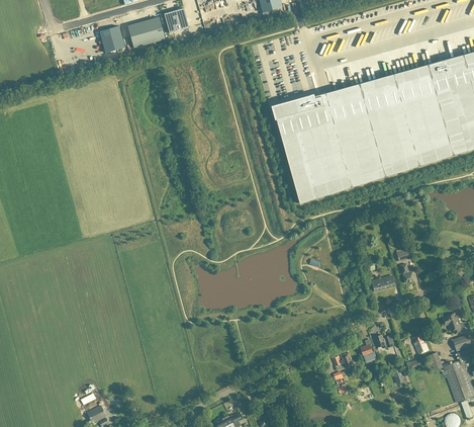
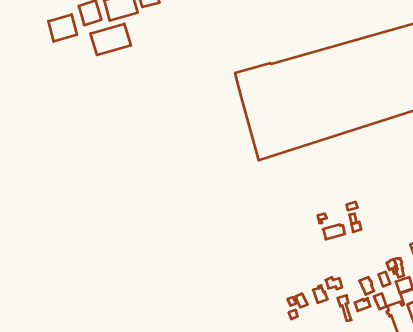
building: none -> [48,14,77,42]
building: none -> [91,24,131,55]

